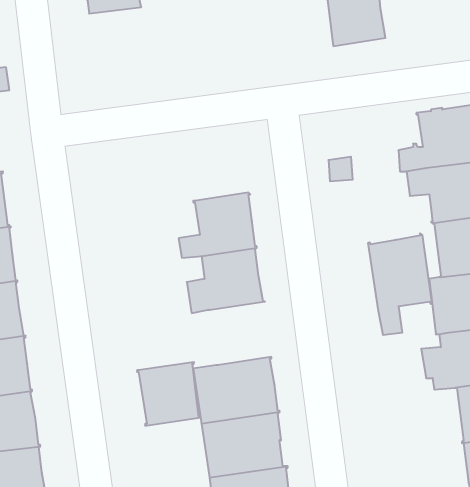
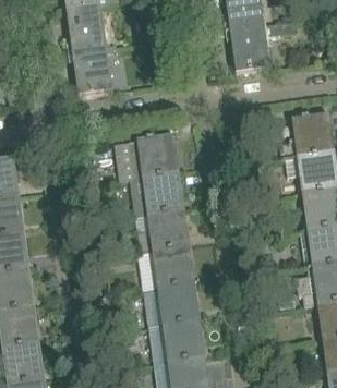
building: none -> [72,45,112,94]
building: none -> [128,132,179,175]
building: [368,233,432,335] -> none
building: [137,362,200,426] -> [152,242,194,284]

